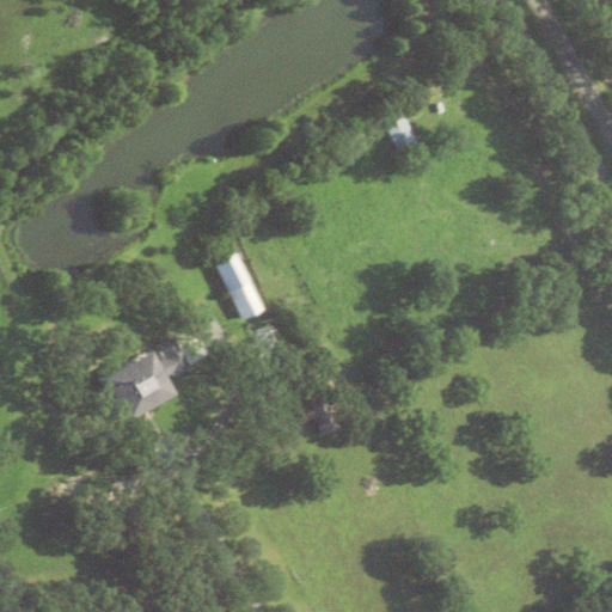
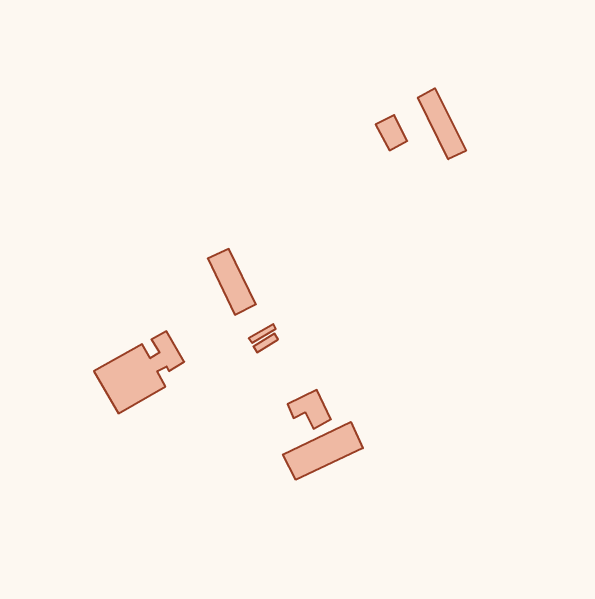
building: none -> [418,88,466,159]
building: none -> [283,422,363,480]

